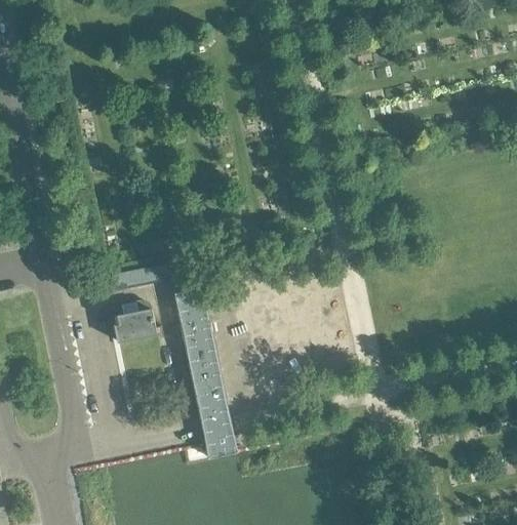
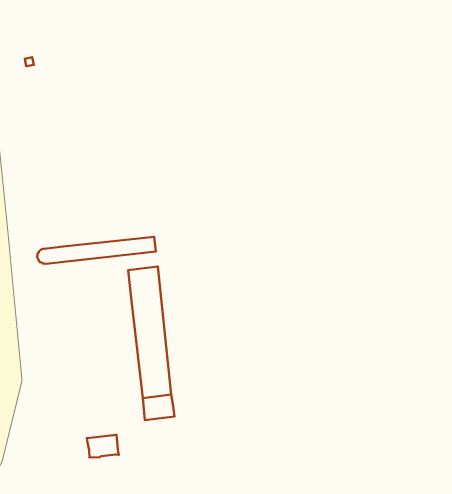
building: [105,300,157,344] -> none
building: [204,433,237,457] -> [87,435,119,457]

